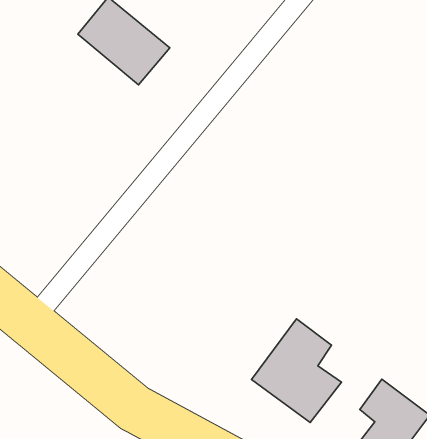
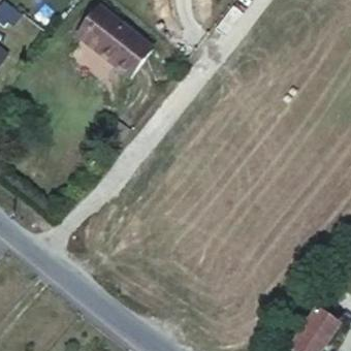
building: [251,319,341,423] -> none

